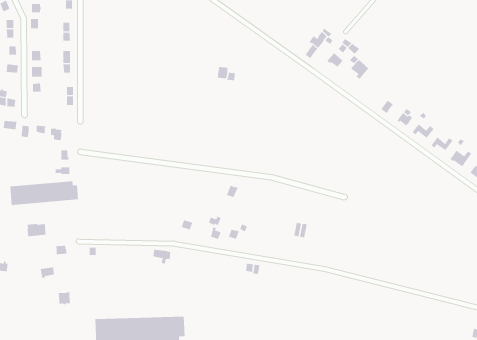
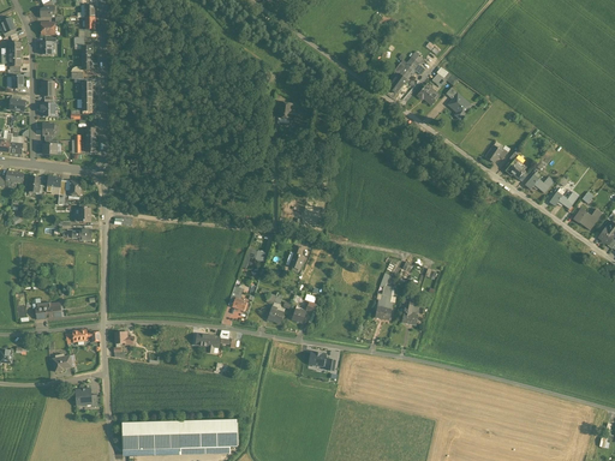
building: [10,181,79,206] -> none

